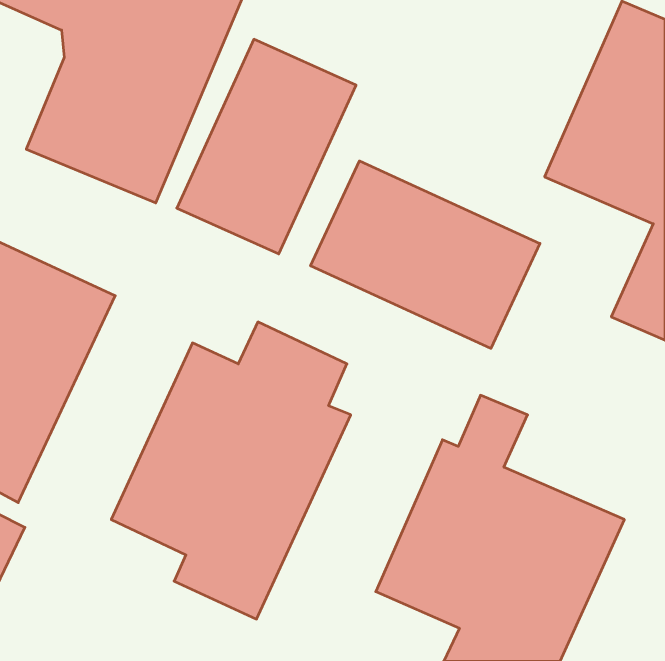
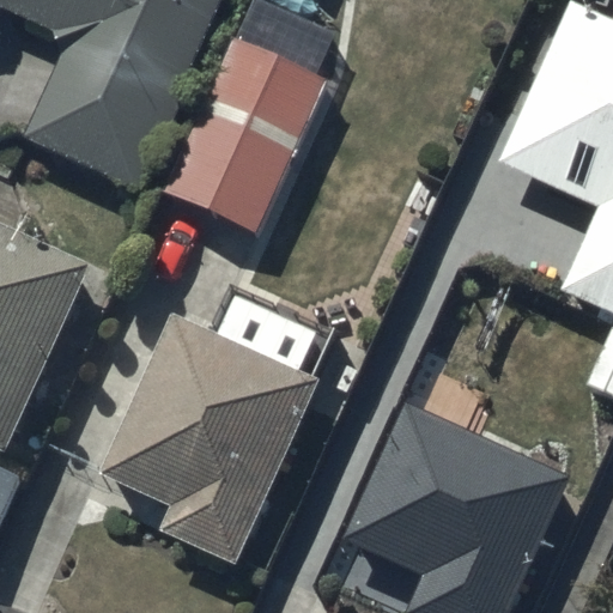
building: [311,161,540,348] -> none

